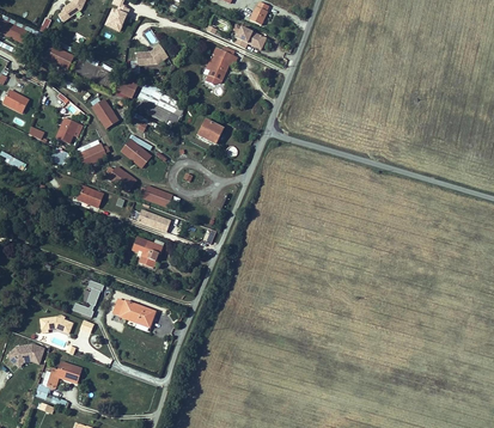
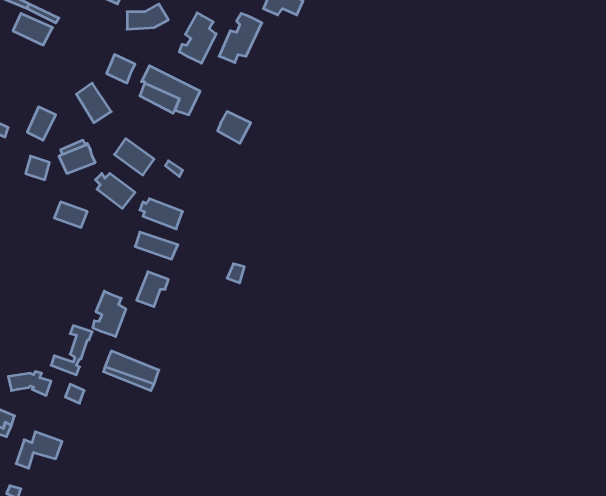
building: none -> [179,13,216,63]
building: none -> [93,291,126,337]

